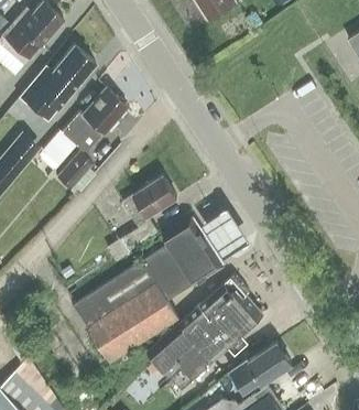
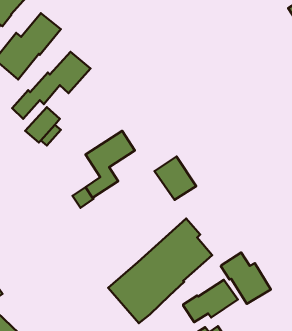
building: [74,219,220,363] -> none
building: none -> [221,253,271,304]

